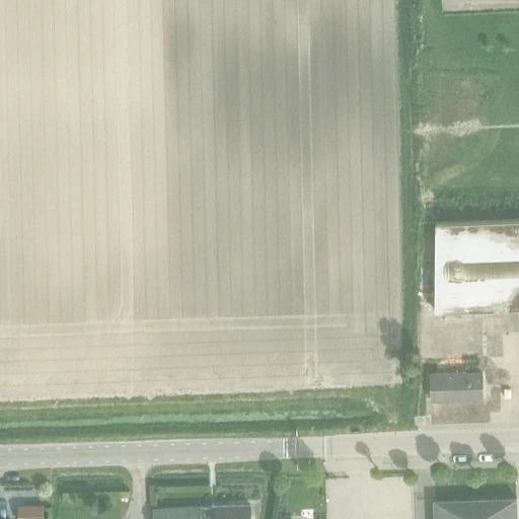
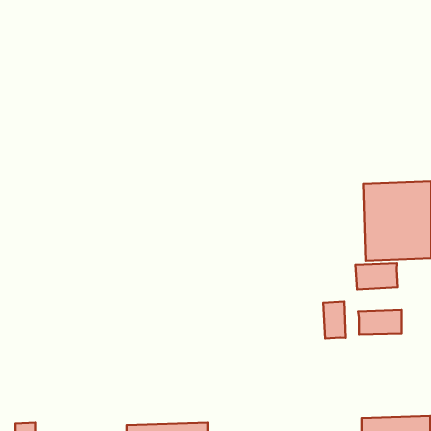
building: none -> [355,263,398,289]
building: none -> [323,301,346,339]

